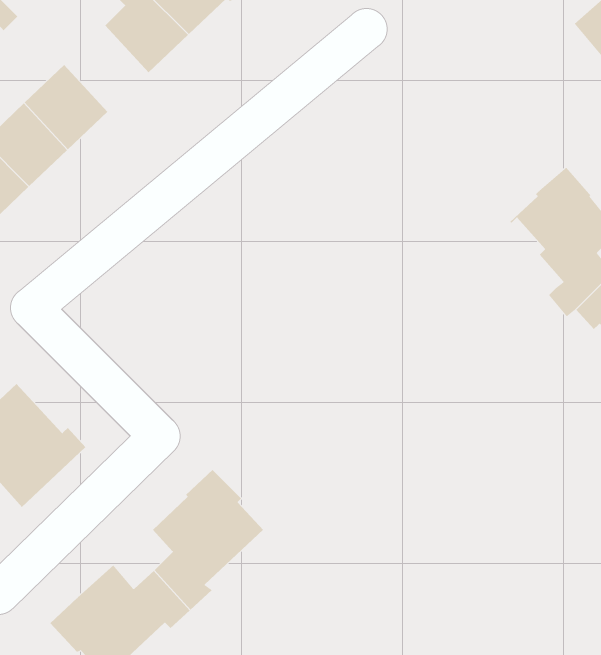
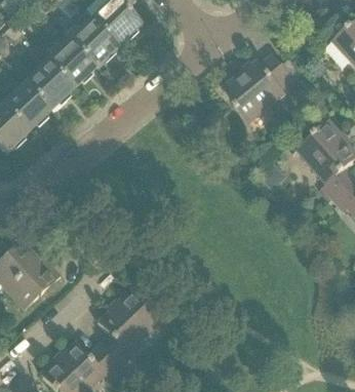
building: none -> [48,39,95,87]
building: none -> [223,52,292,122]

